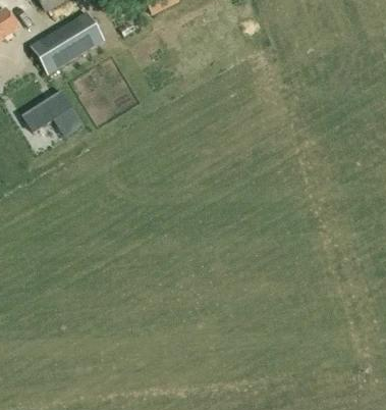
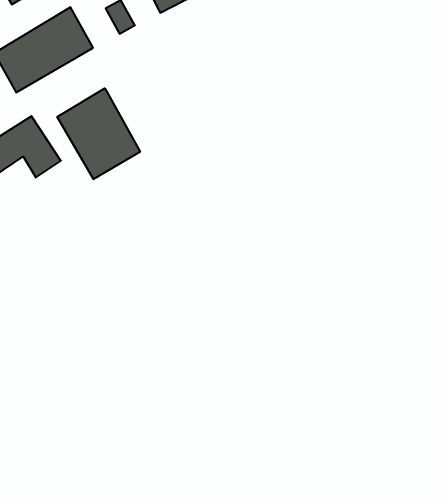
building: none -> [57,88,140,179]

